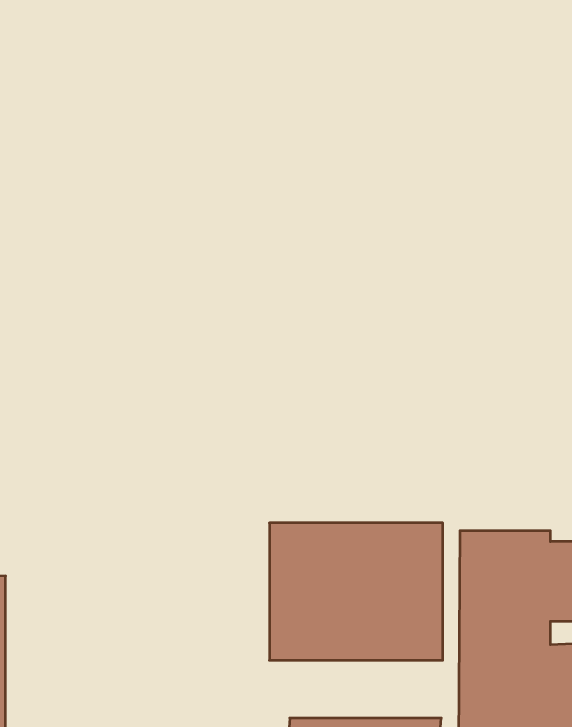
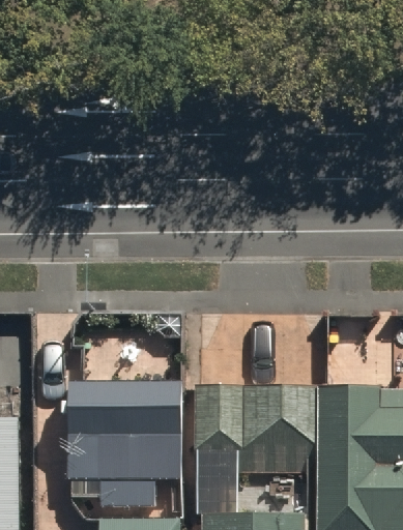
building: none -> [69,382,181,507]

